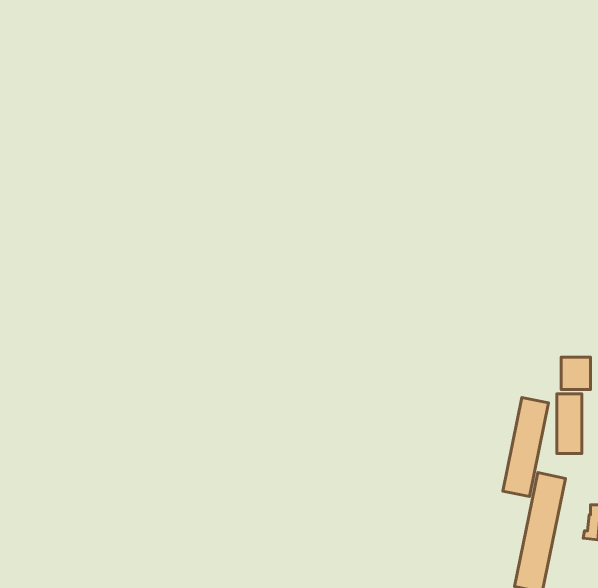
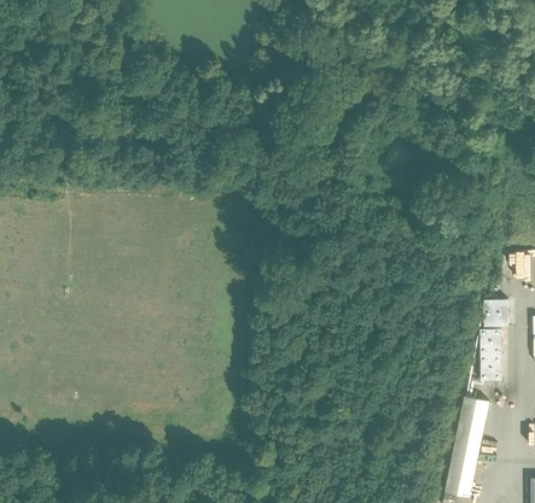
building: [503,398,549,496] -> none

